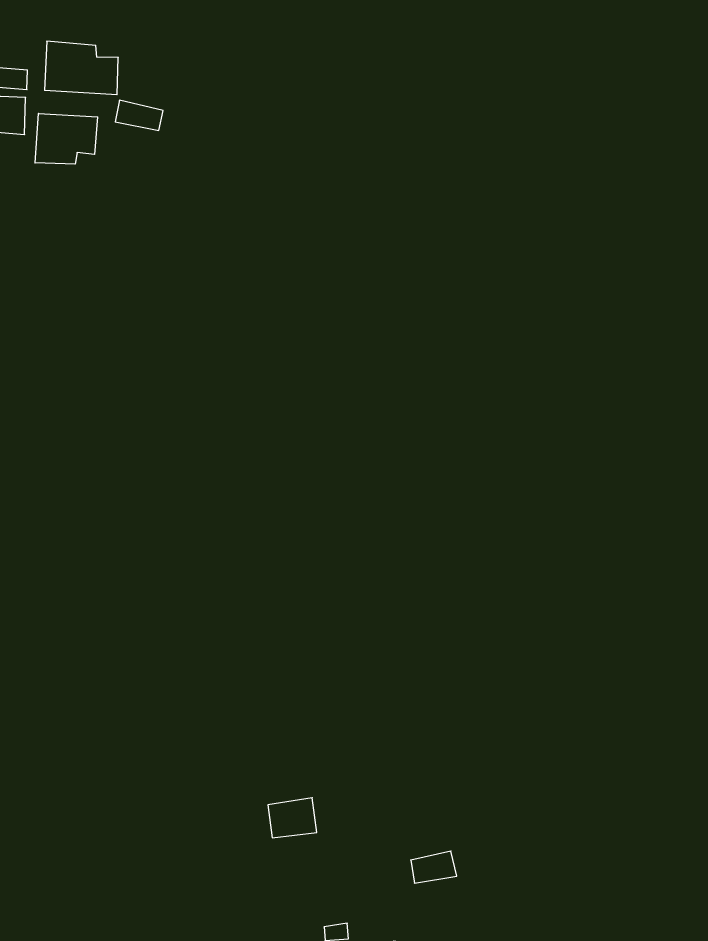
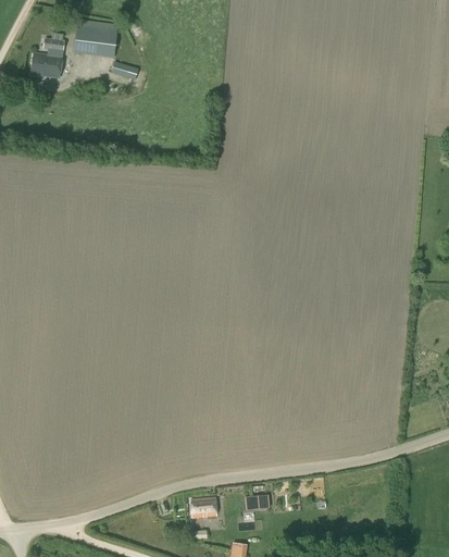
building: [35,113,98,164] -> none
building: [268,798,317,838] -> [190,496,216,517]

